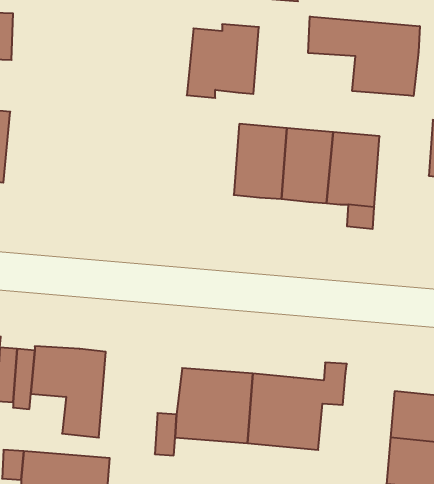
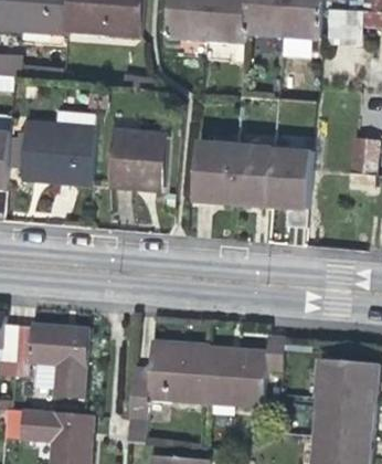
building: [308,16,420,96] -> none
building: [187,24,259,98] -> [107,131,166,191]
building: none -> [23,123,96,187]

